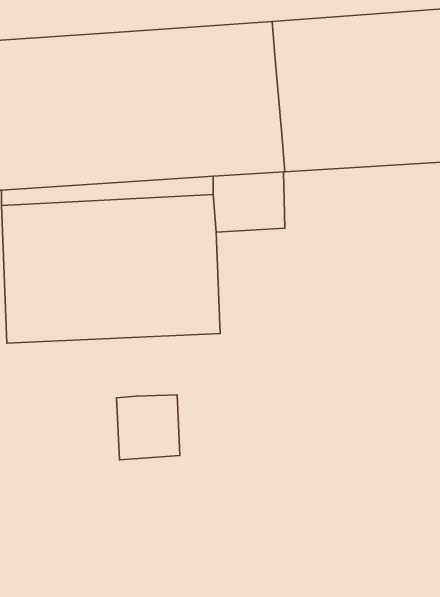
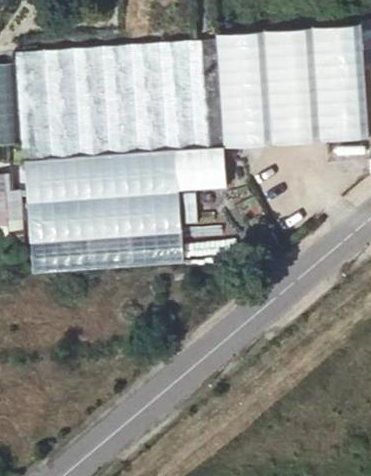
building: [117,395,180,460] -> none

